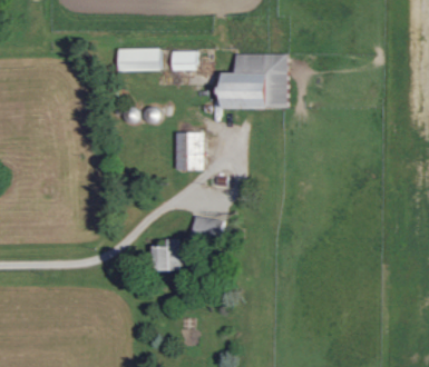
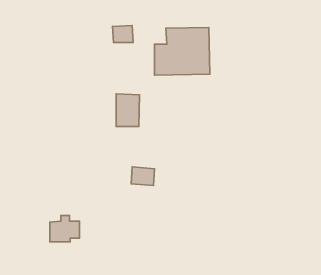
building: [117,48,158,71] -> none
building: [153,239,188,270] -> [50,216,80,242]

